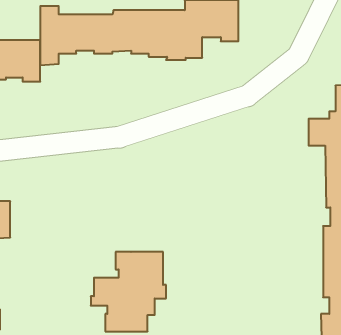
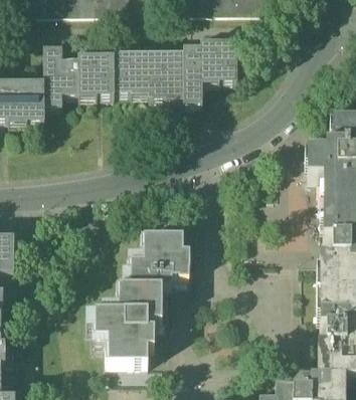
building: none -> [129,229,191,281]

